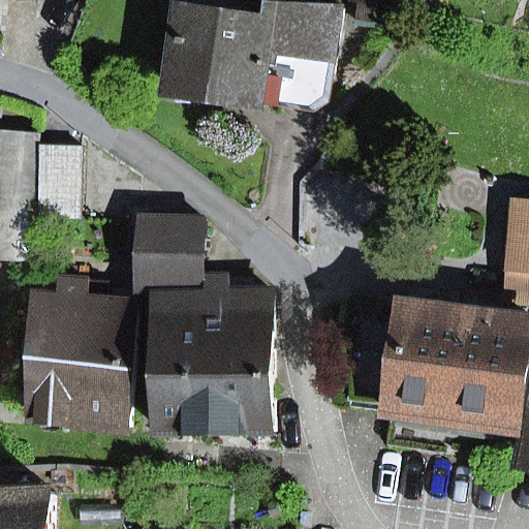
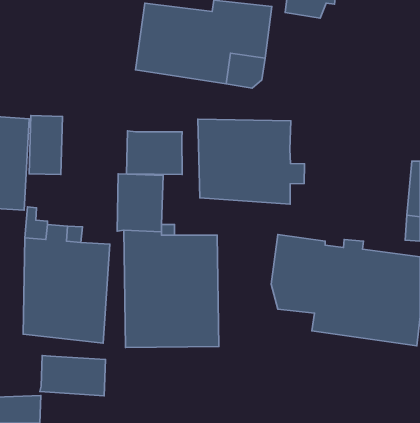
building: none -> [198,119,304,204]
building: none -> [126,131,182,174]
building: none -> [40,356,106,396]

